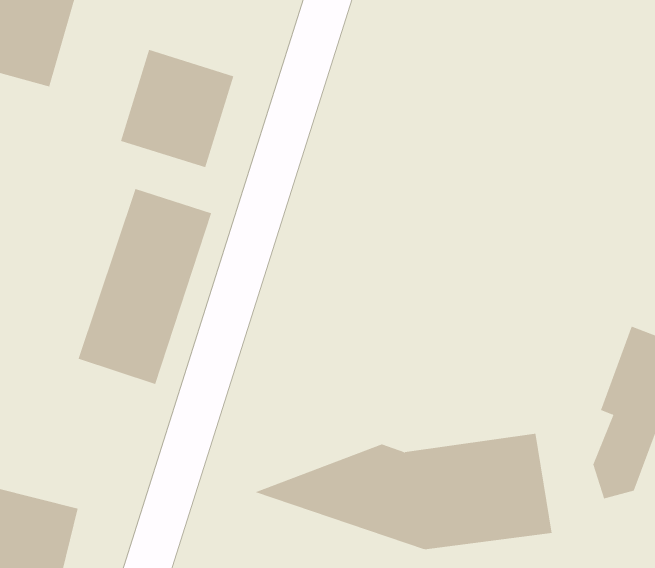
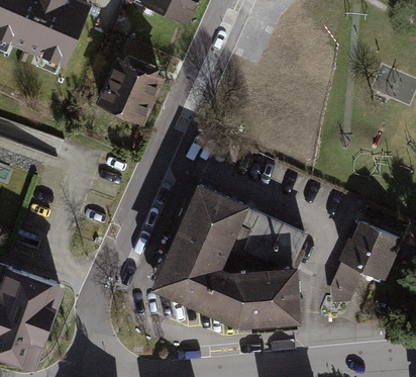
building: [78,188,212,385] -> none
building: none -> [153,187,305,285]

